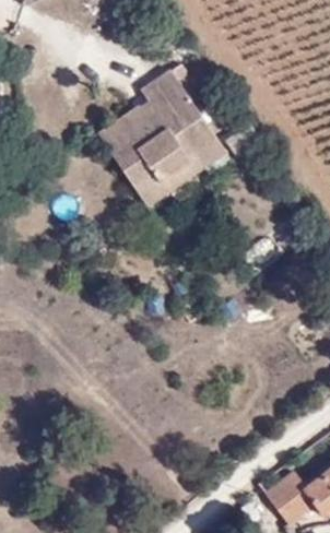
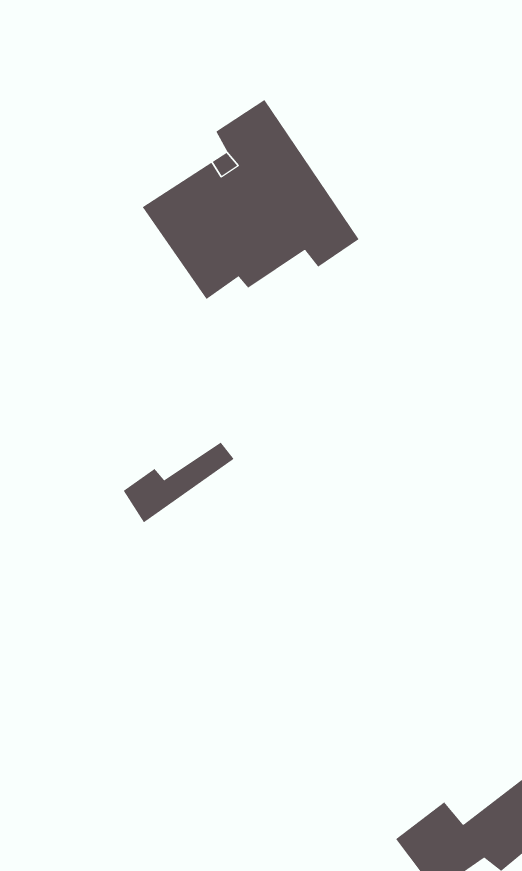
building: [138,159,202,206] -> [123,442,234,523]

